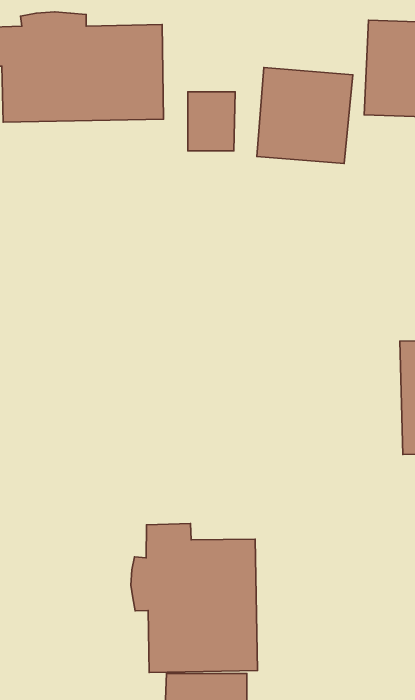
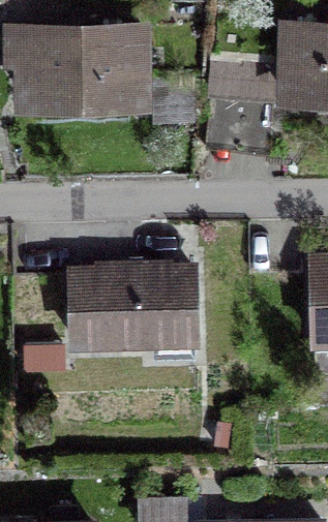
building: none -> [71,266,196,341]
building: [131,524,257,672] -> none

